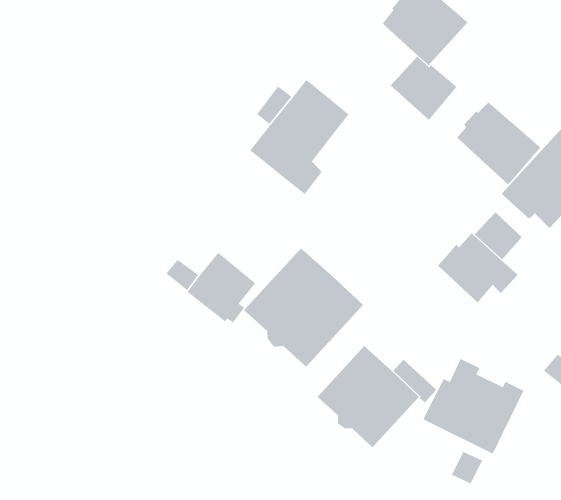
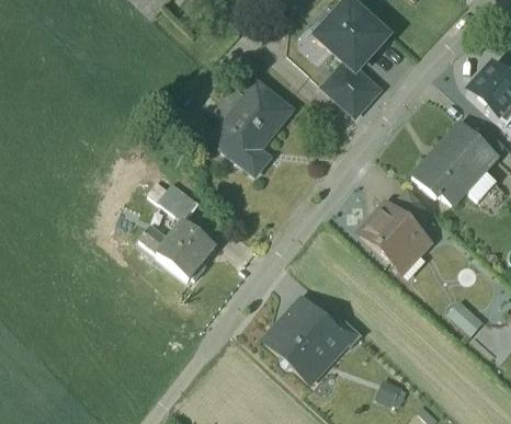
building: [456,101,542,185] -> none
building: none -> [160,183,200,221]
building: [243,247,364,368] -> none
building: [422,358,525,455] -> none

